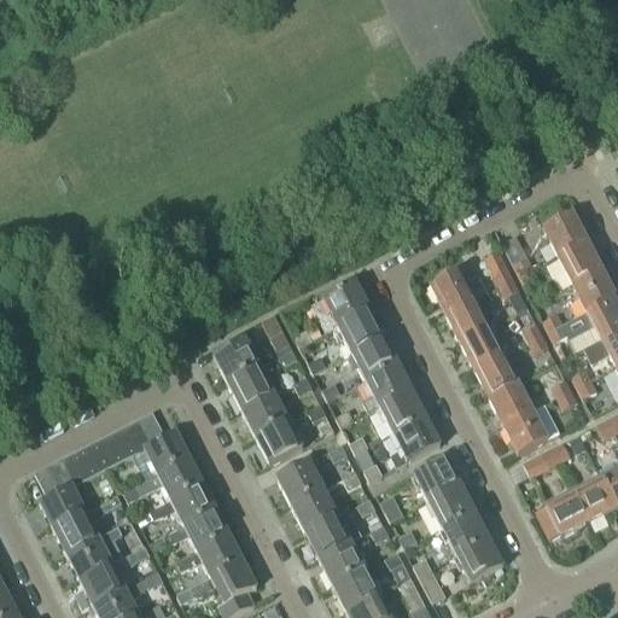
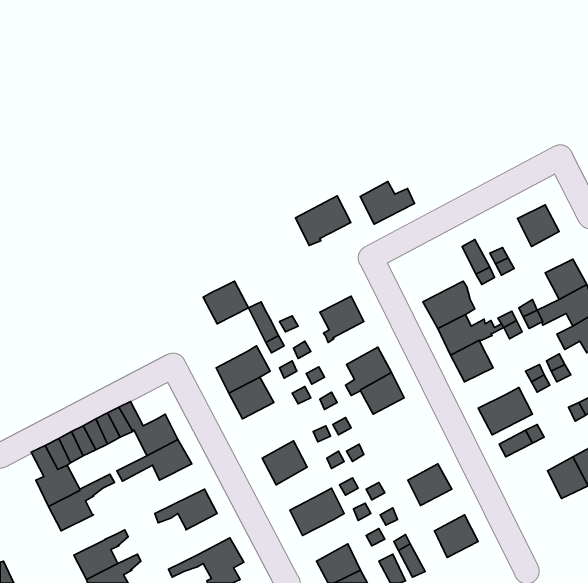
building: [558,241,601,285] -> none
building: [430,270,486,315] -> [360,182,414,224]
building: [311,281,369,333] -> [295,196,351,245]
building: [350,336,397,380] -> none
building: [214,339,261,384] -> [203,281,248,324]
building: [488,384,531,426] -> none
building: [391,415,439,466] -> none
building: [256,420,303,465] -> none
building: [414,456,460,501] -> none
building: [136,484,216,526] -> none
building: [291,488,338,532] -> none
building: [535,491,589,538] -> none
building: [442,511,488,554] -> none
building: [66,526,123,579] -> none
building: [177,536,243,578] -> none
building: [319,542,366,585] -> none

